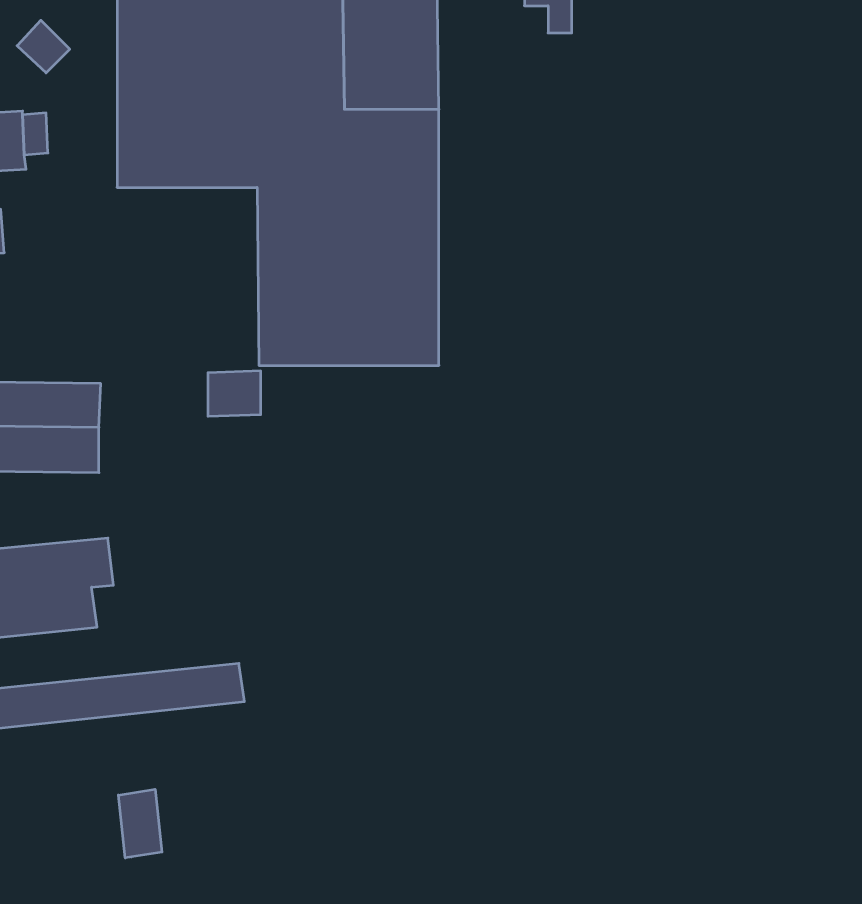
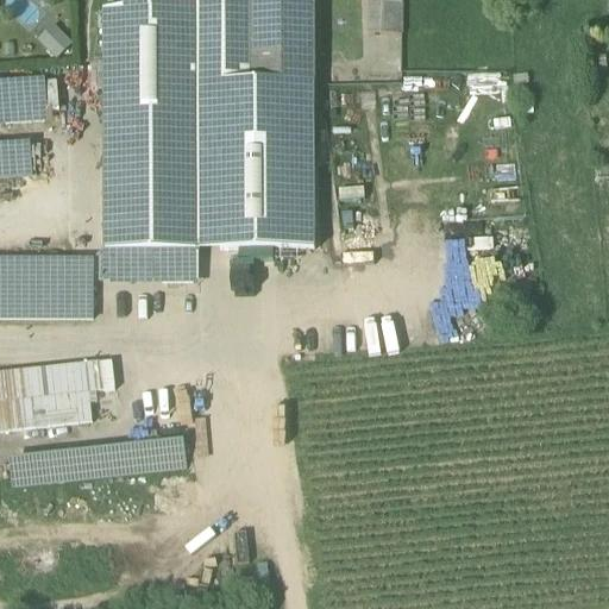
building: none -> [102,130,195,246]
building: none -> [99,251,162,275]
building: [118,789,162,858] -> none

